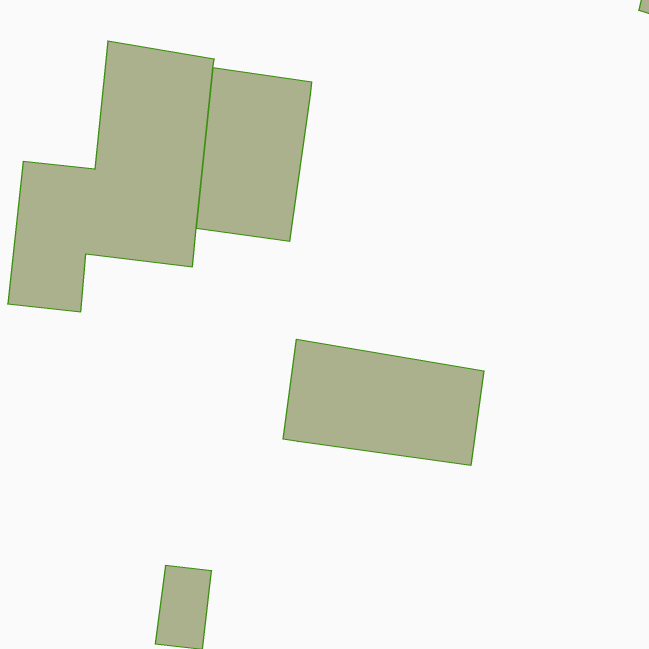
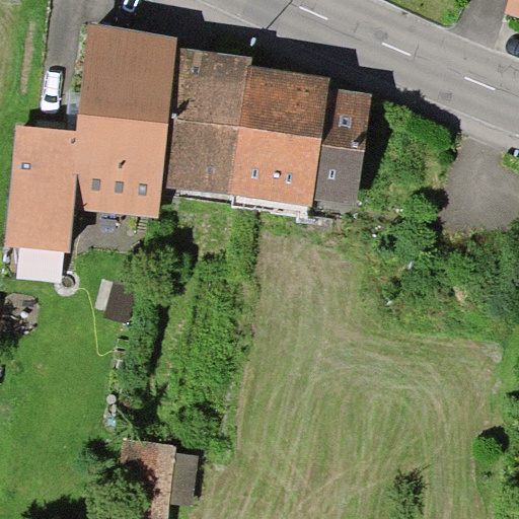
building: none -> [234,75,367,196]
building: [283,339,484,465] -> none

